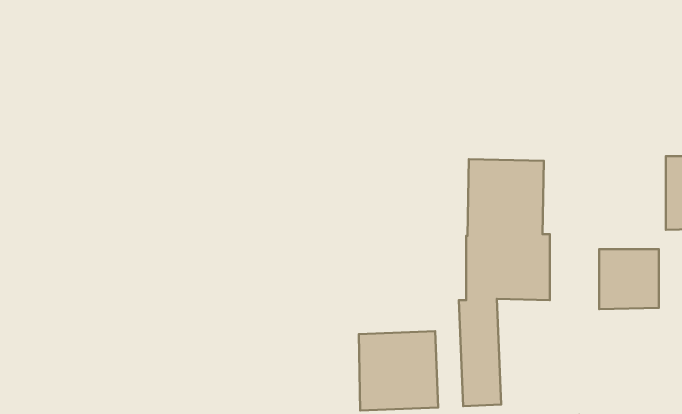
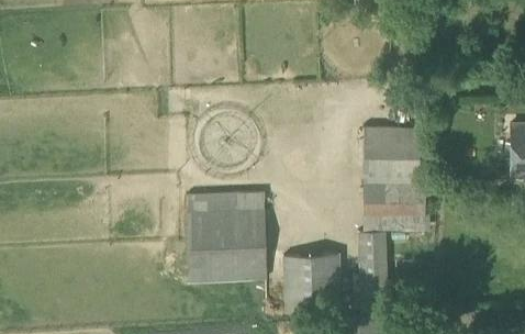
building: none -> [186,191,267,282]
building: [599,249,659,309] -> none

